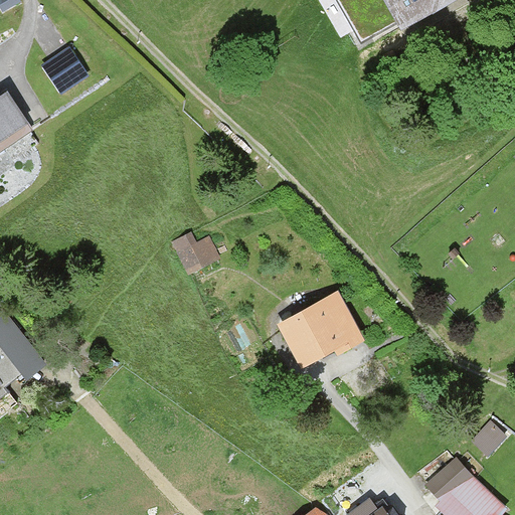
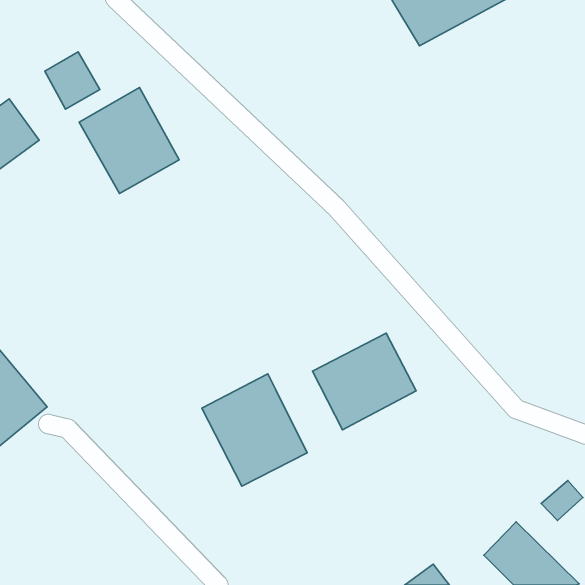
building: none -> [79,88,179,193]
building: [169,229,222,274] -> none
building: none -> [202,374,307,486]

